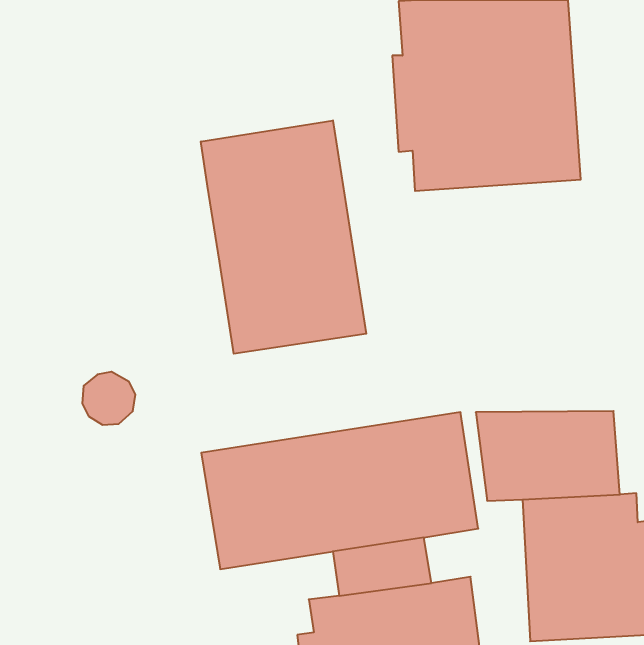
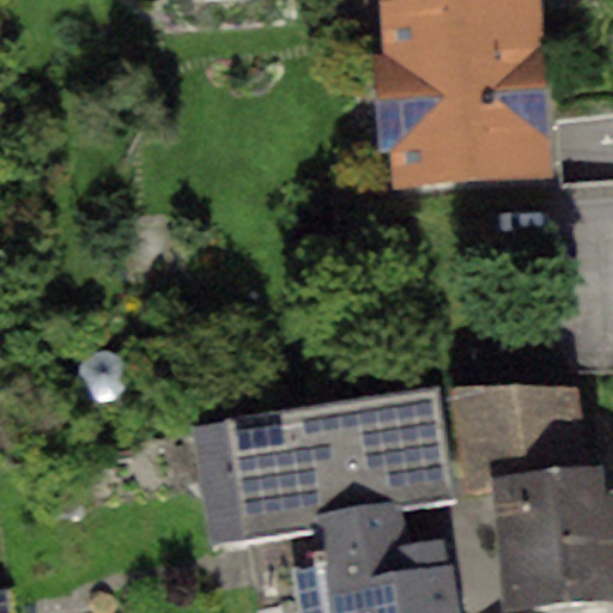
building: [201,120,366,354] -> none

